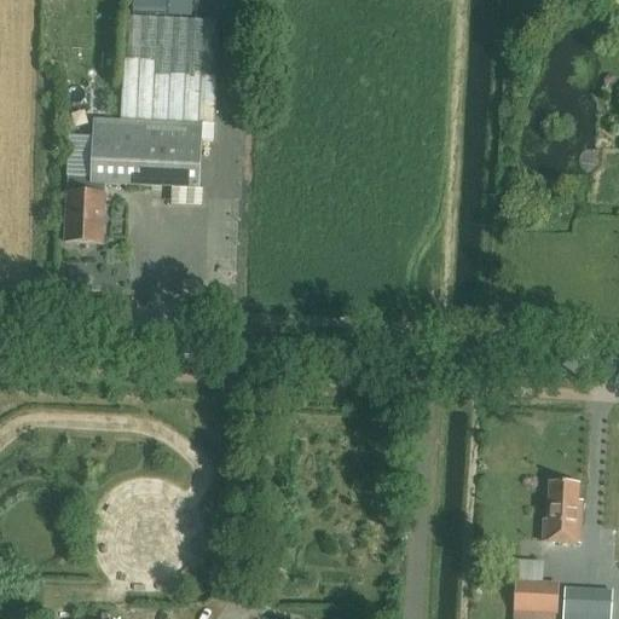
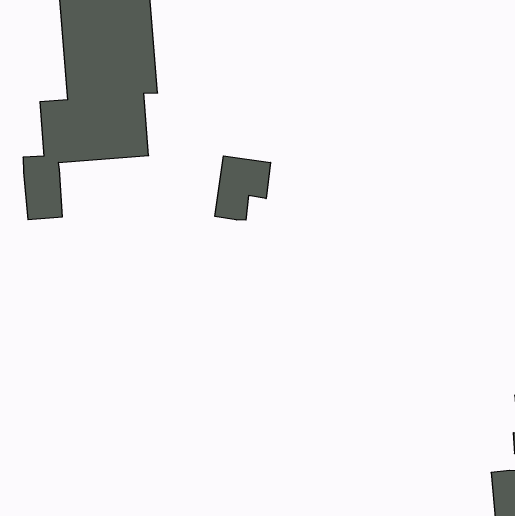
building: none -> [215,156,271,220]

